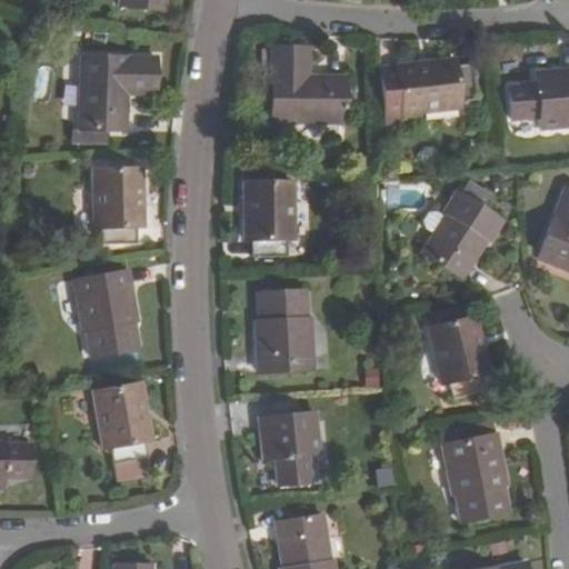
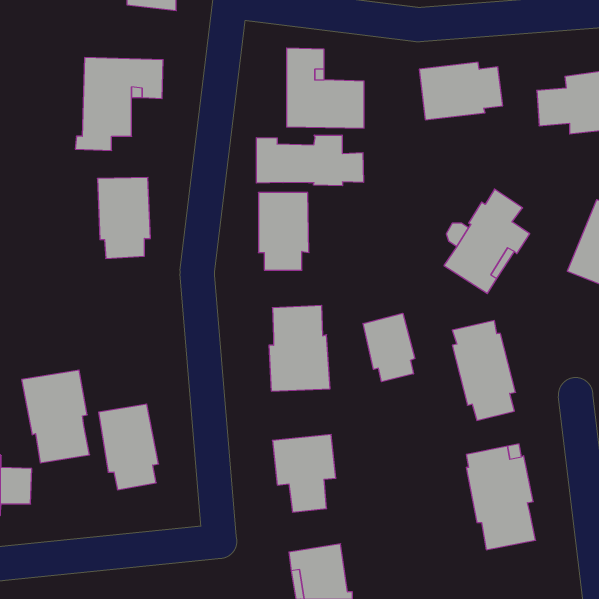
building: none -> [256,135,363,186]
building: [73,269,138,357] -> [22,370,90,463]
building: none -> [363,313,415,382]

